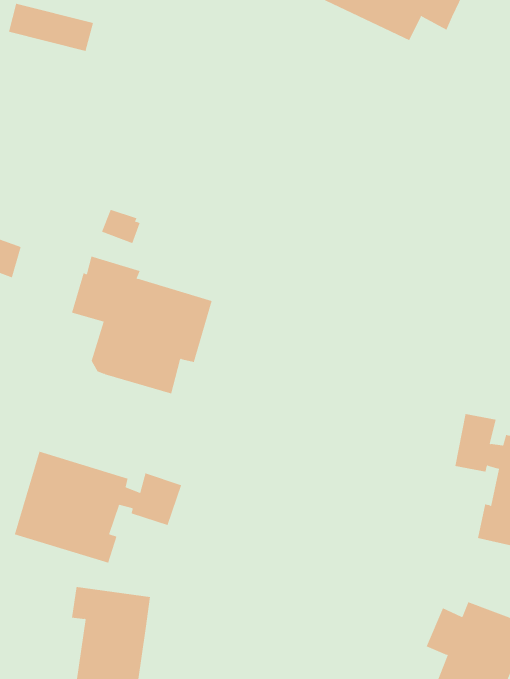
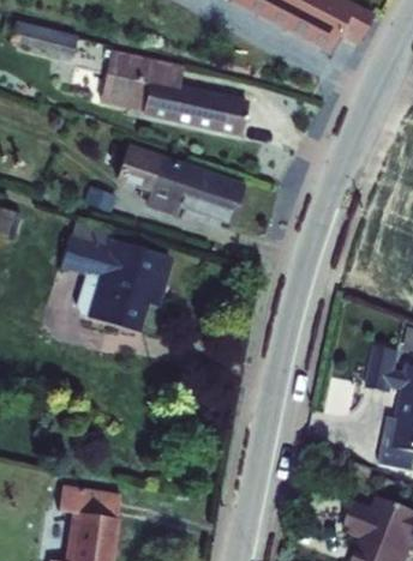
building: none -> [100,48,247,135]
building: none -> [114,143,245,225]
building: [14,451,182,563] -> none

